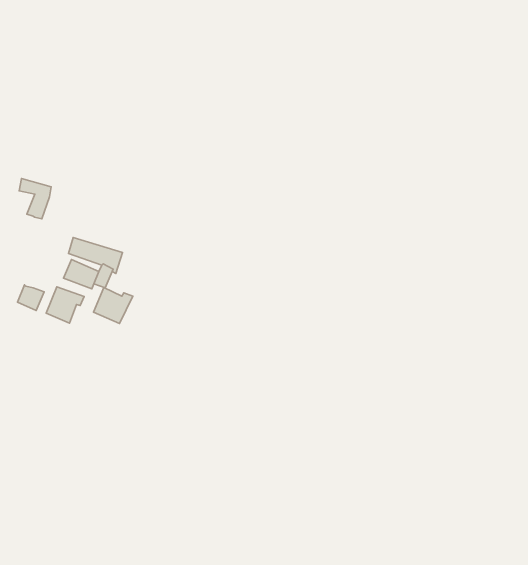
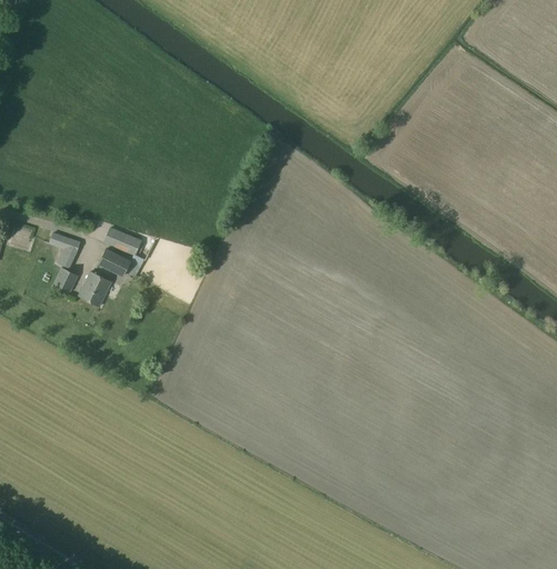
building: [19,179,51,219] -> [49,231,79,270]
building: [93,287,133,323] -> none

